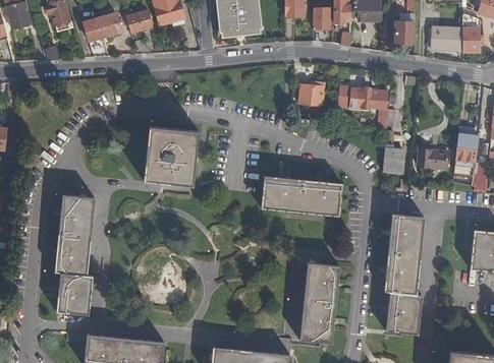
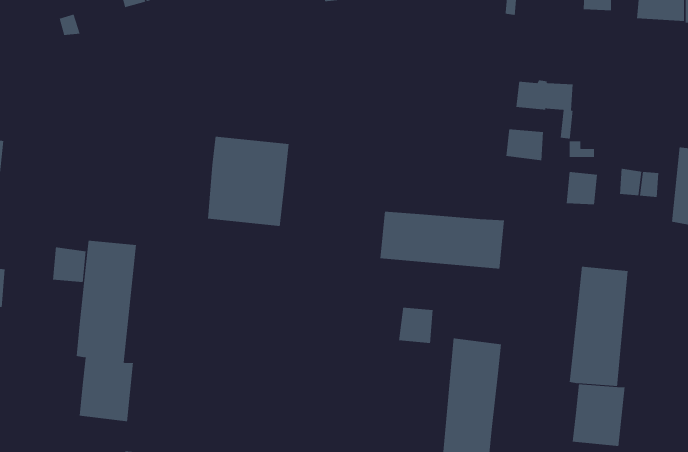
building: [297,85,323,107] -> [506,129,544,161]
building: none -> [52,247,86,283]
building: none -> [399,307,433,344]

